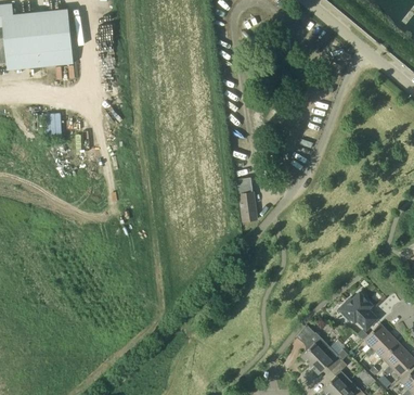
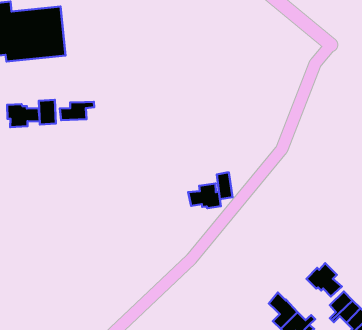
building: none -> [60,102,94,120]
building: none -> [7,104,40,127]
building: none -> [188,183,221,208]

